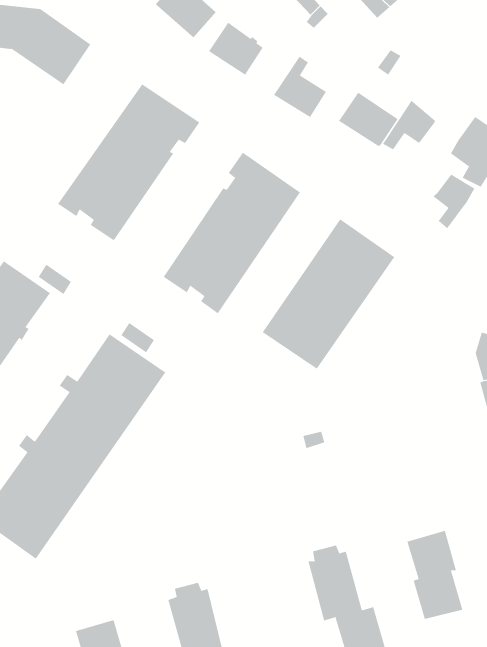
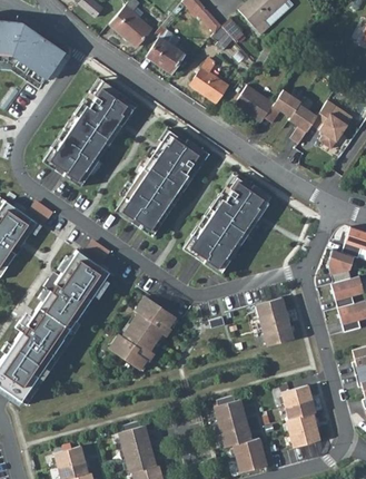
building: [433,174,475,229] -> [287,106,316,144]
building: none -> [109,295,175,369]
building: none -> [255,296,293,344]

